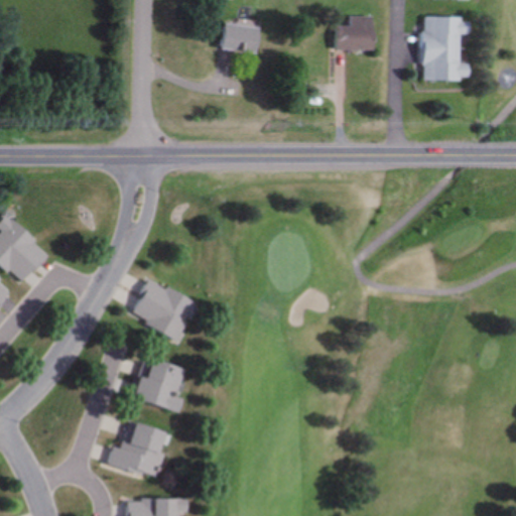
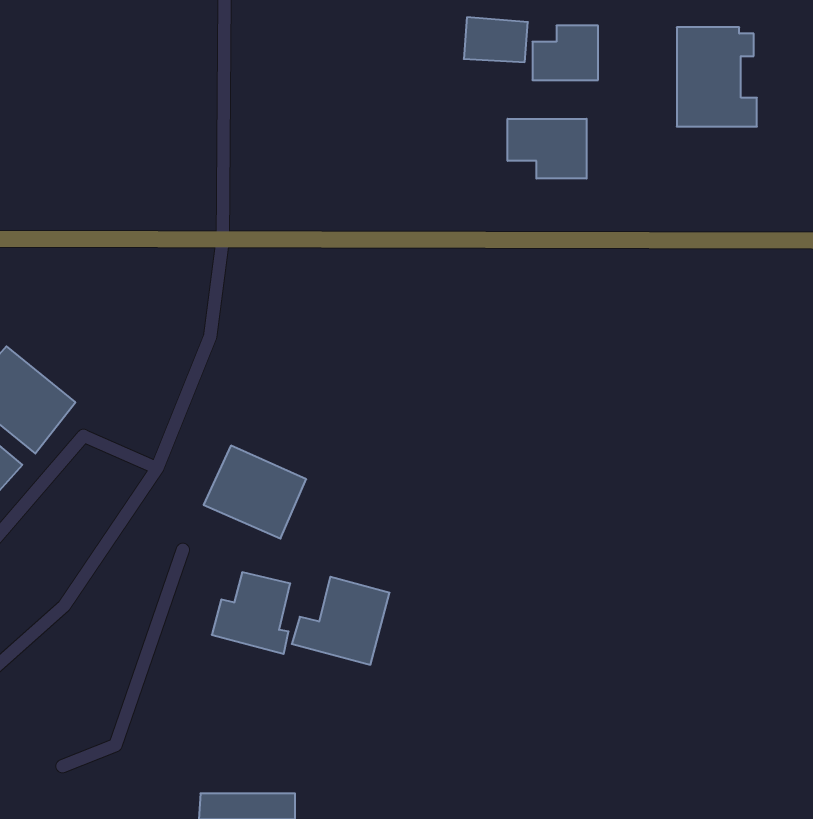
building: [219,24,259,52] -> [464,17,528,62]
building: none -> [508,119,587,179]
building: [105,422,166,478] -> [292,577,390,665]

